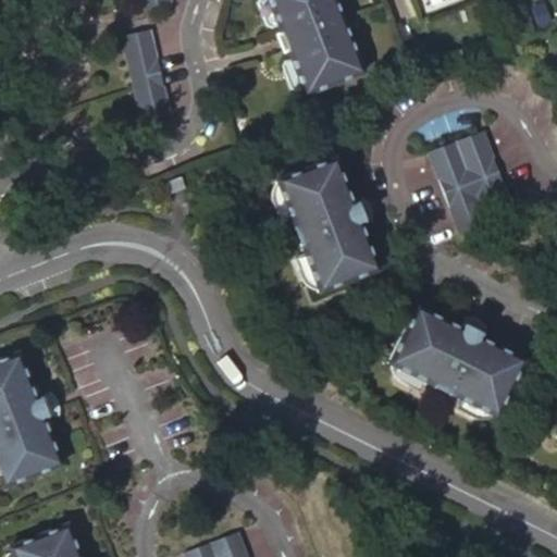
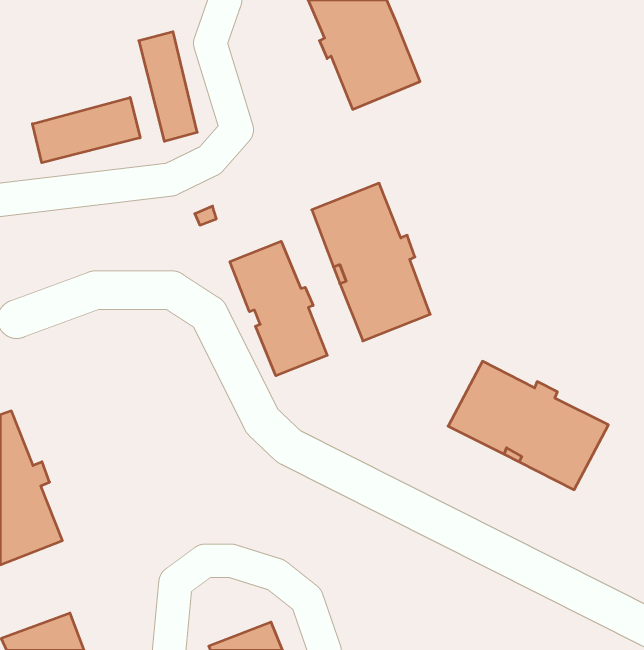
building: none -> [32,97,140,163]
building: [428,133,517,237] -> none
building: none -> [230,241,327,376]

